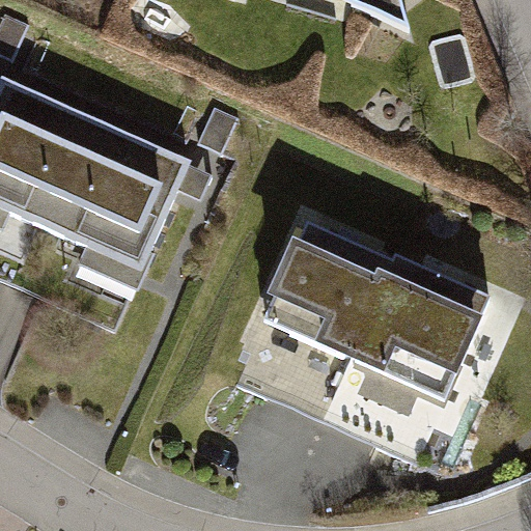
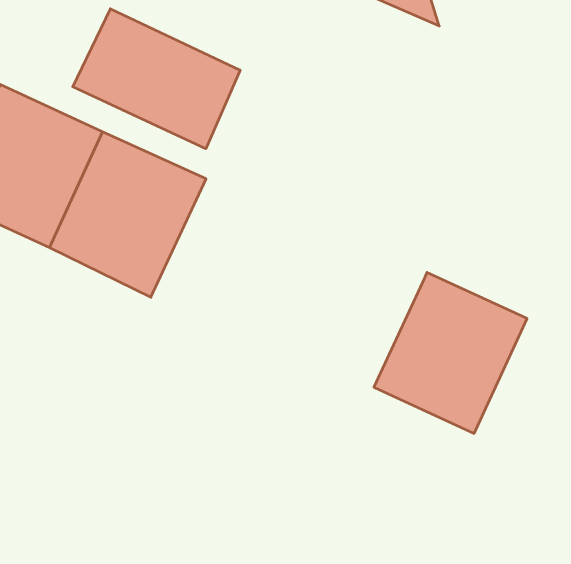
building: none -> [73,9,240,149]
building: [263,218,391,357] -> none

